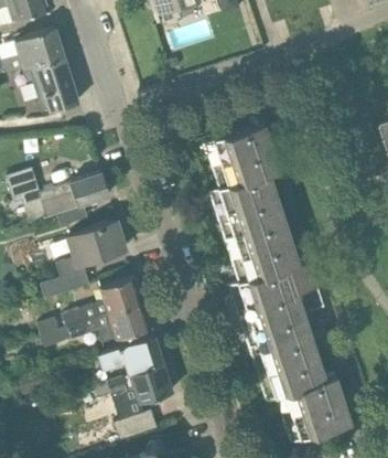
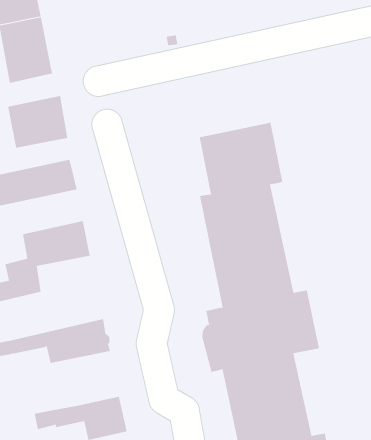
building: none -> [7,95,68,149]
building: [63,275,142,327] -> none
building: [97,335,162,374] -> none

